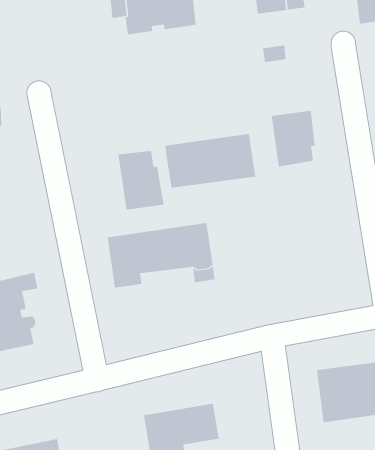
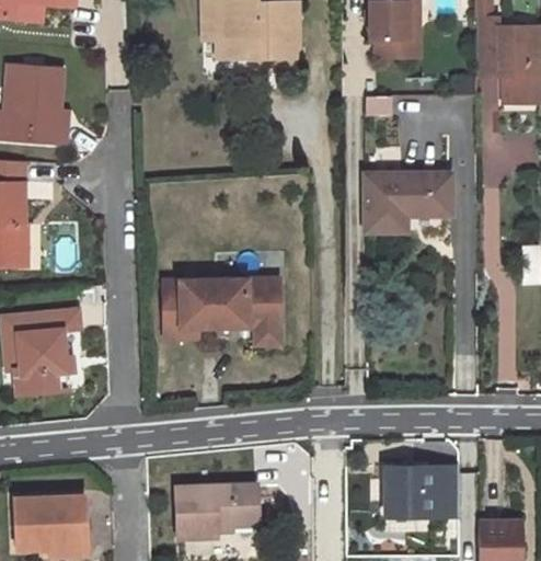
building: none -> [413,172,454,213]
building: [165,133,256,188] -> none
building: [118,150,164,211] -> none

